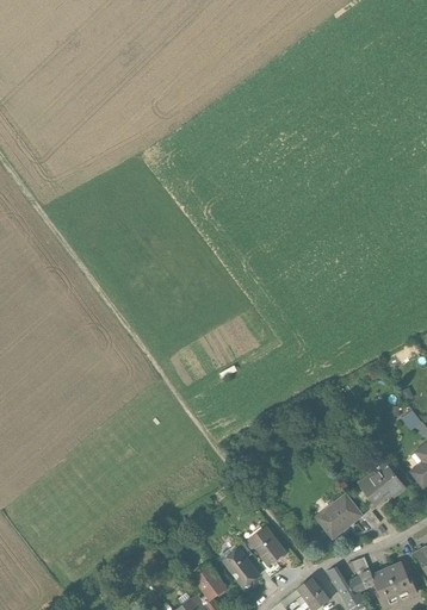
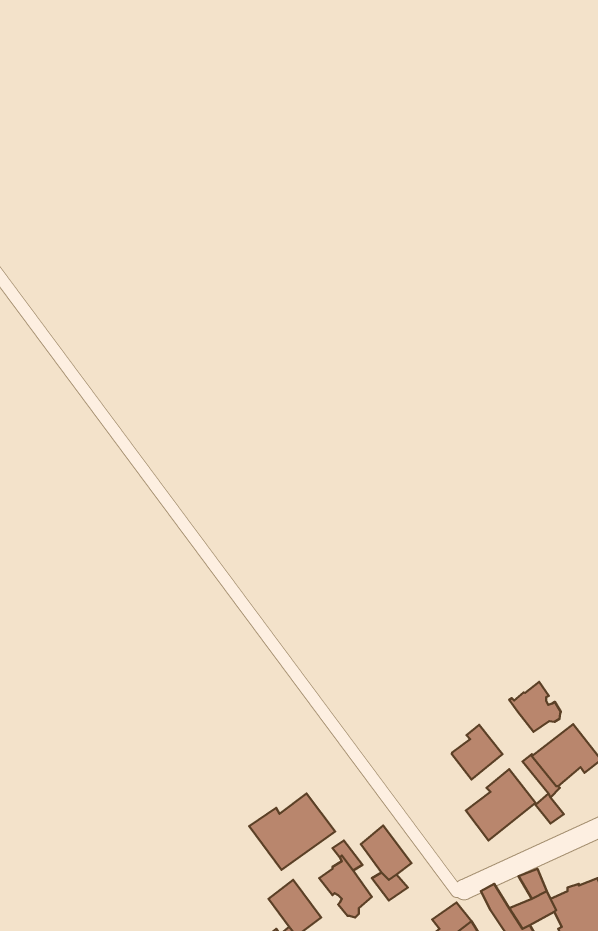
building: none -> [509,682,561,732]
building: none -> [452,725,503,779]
building: none -> [249,793,335,870]

